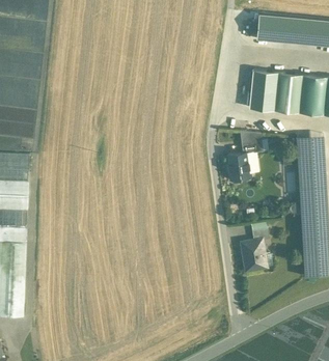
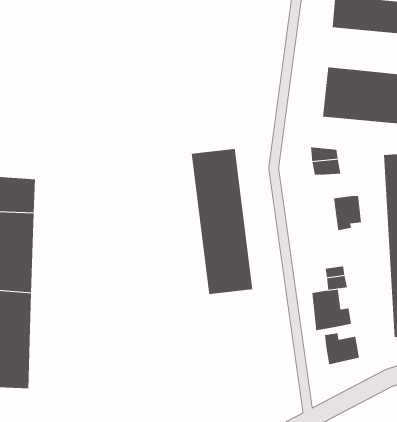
building: none -> [191,148,253,295]
building: [228,152,250,179] -> [333,195,362,231]
building: none -> [324,332,359,365]

